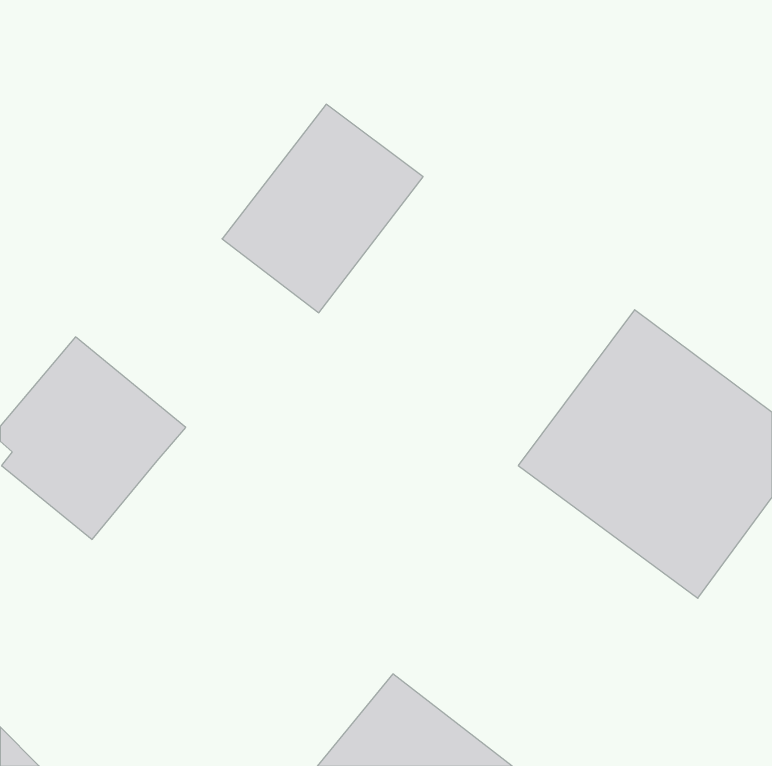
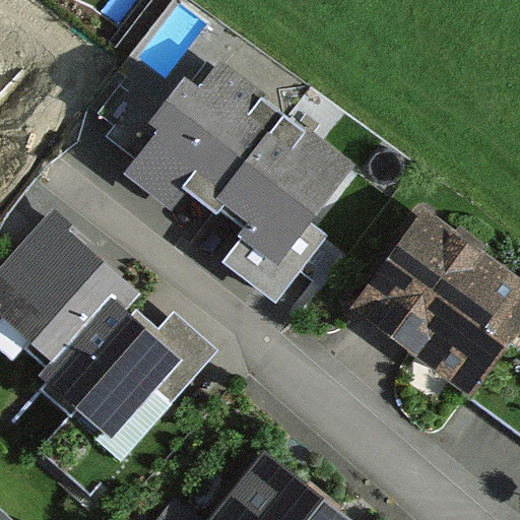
building: none -> [214,119,348,260]
building: none -> [46,310,169,435]

